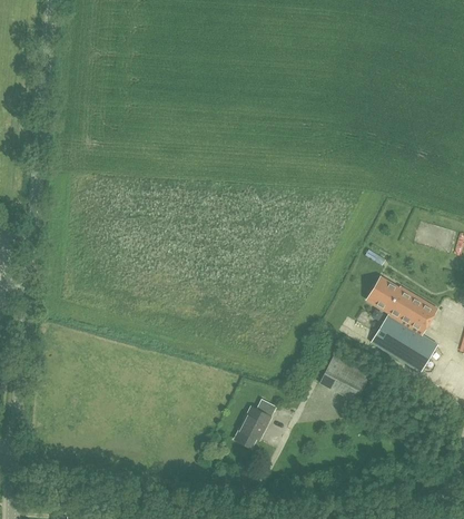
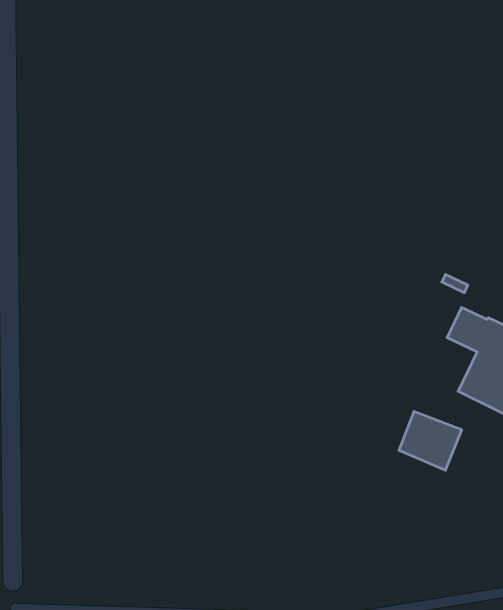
building: [234,399,276,448] -> none

